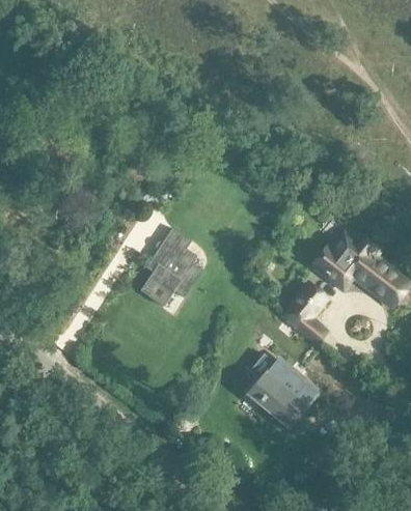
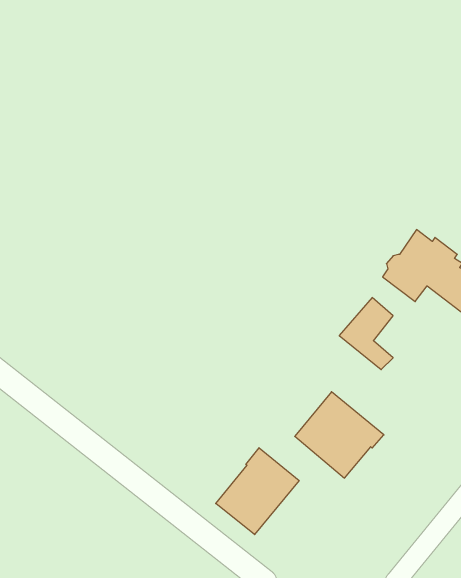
building: [138,227,200,306] -> none
building: none -> [216,448,299,535]

